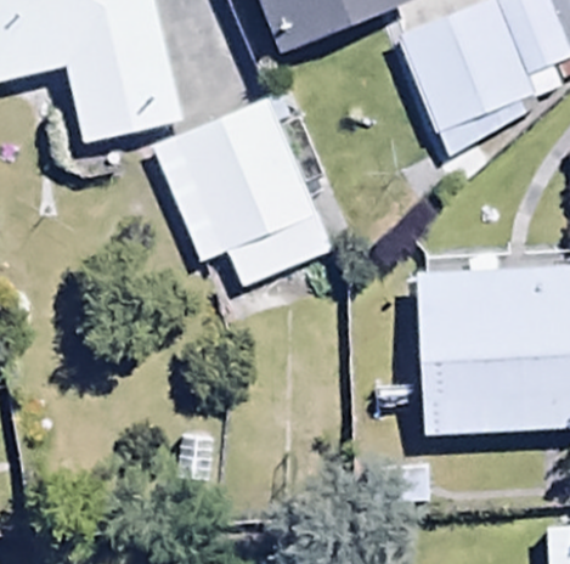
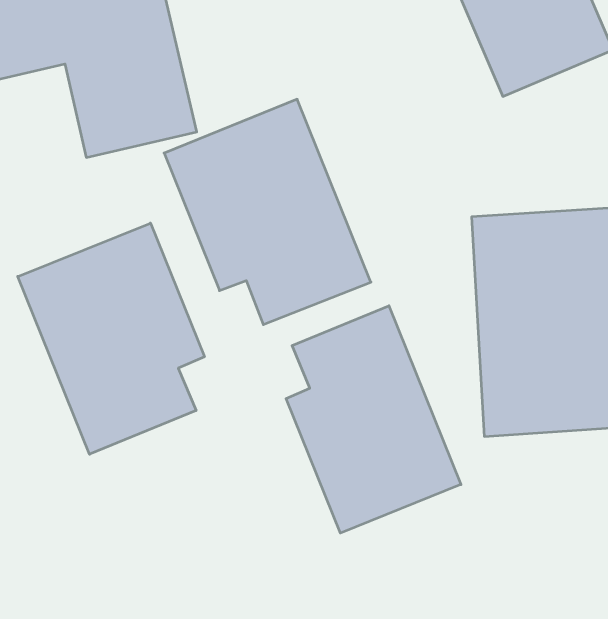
building: none -> [18,223,204,454]
building: none -> [286,306,461,533]

